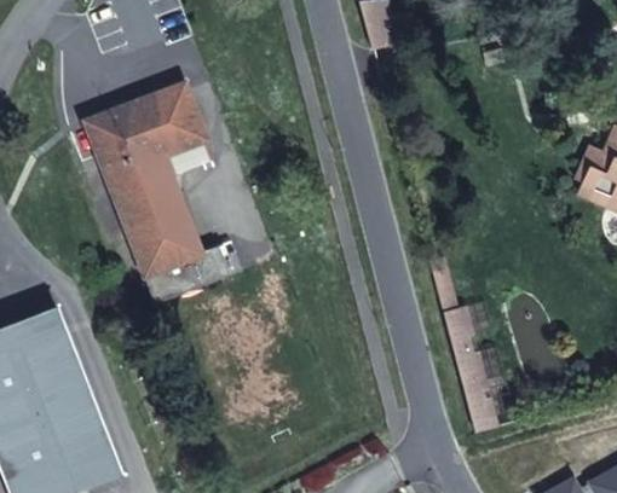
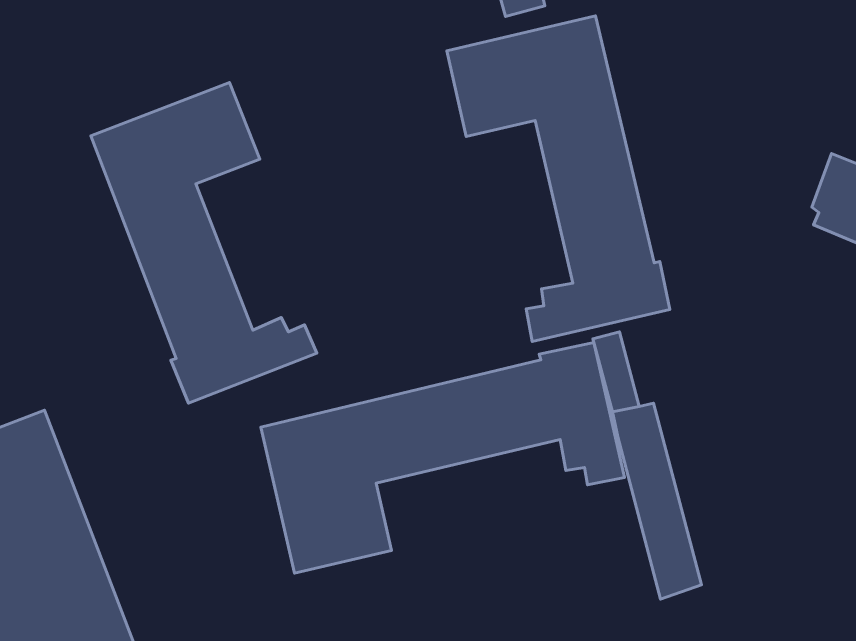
building: none -> [447,16,670,341]
building: none -> [261,342,624,573]

